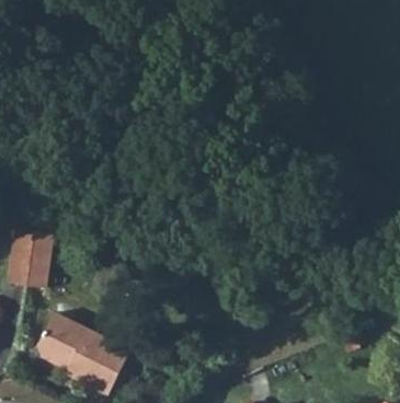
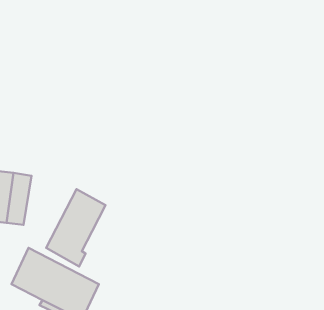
building: none -> [46,189,106,266]

